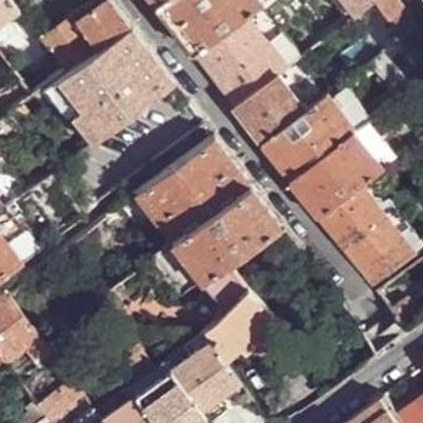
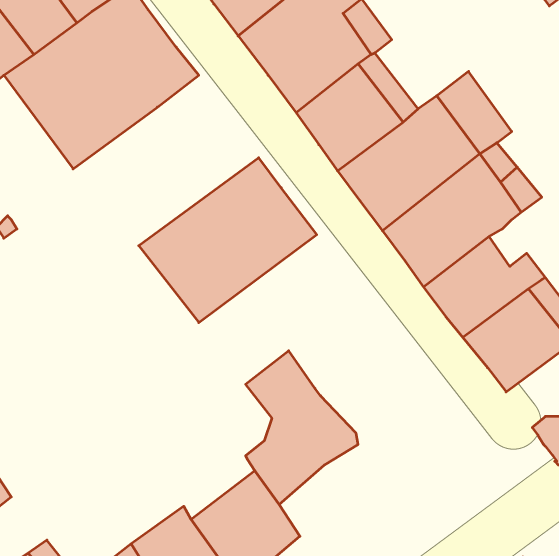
building: [172,188,278,285] -> none

